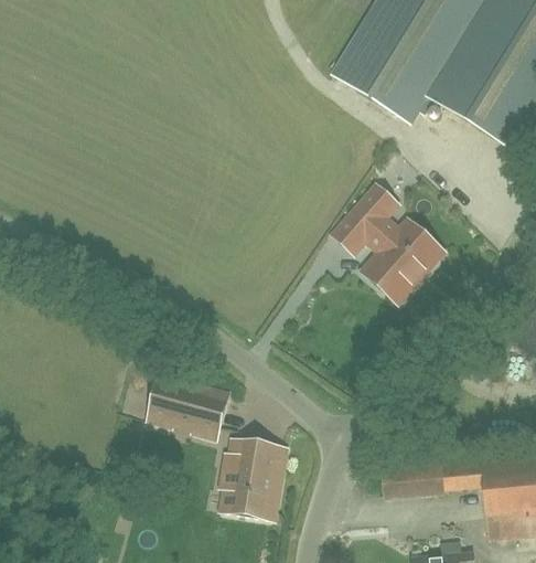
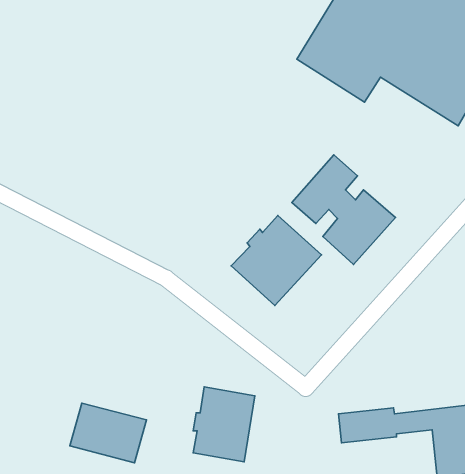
building: none -> [231,216,321,305]
building: [144,373,229,439] -> [70,403,146,463]

